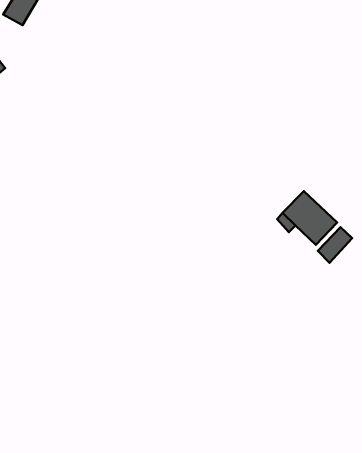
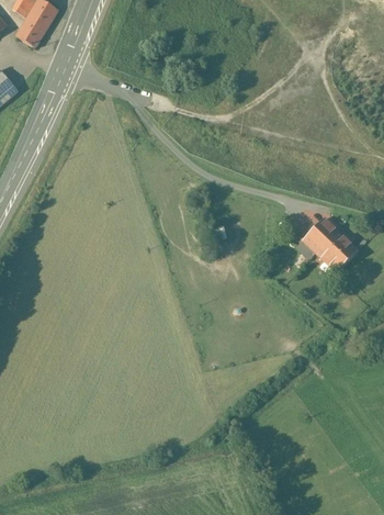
building: [318,227,352,263] -> none

